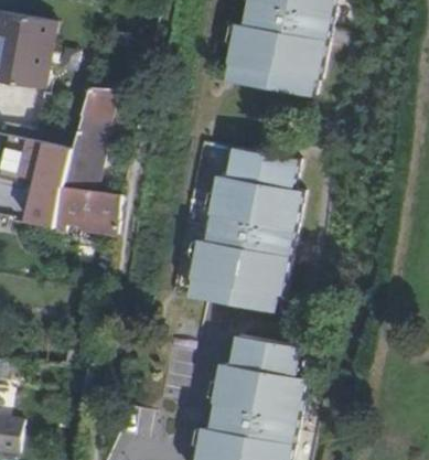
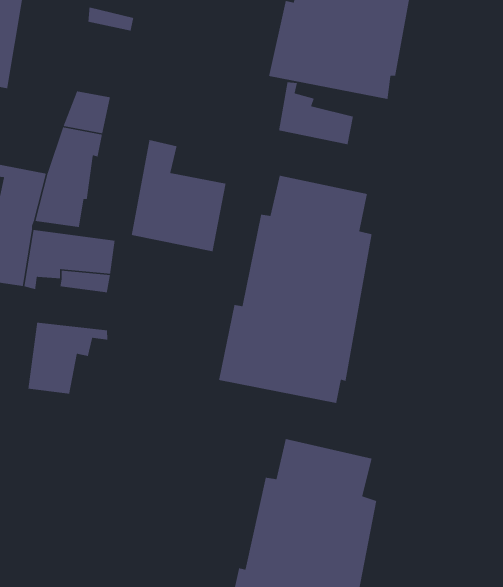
building: none -> [278,81,354,145]
building: none -> [131,139,226,252]
building: none -> [28,322,108,395]

